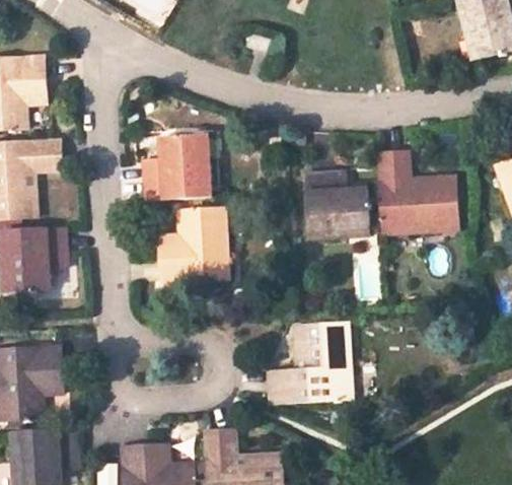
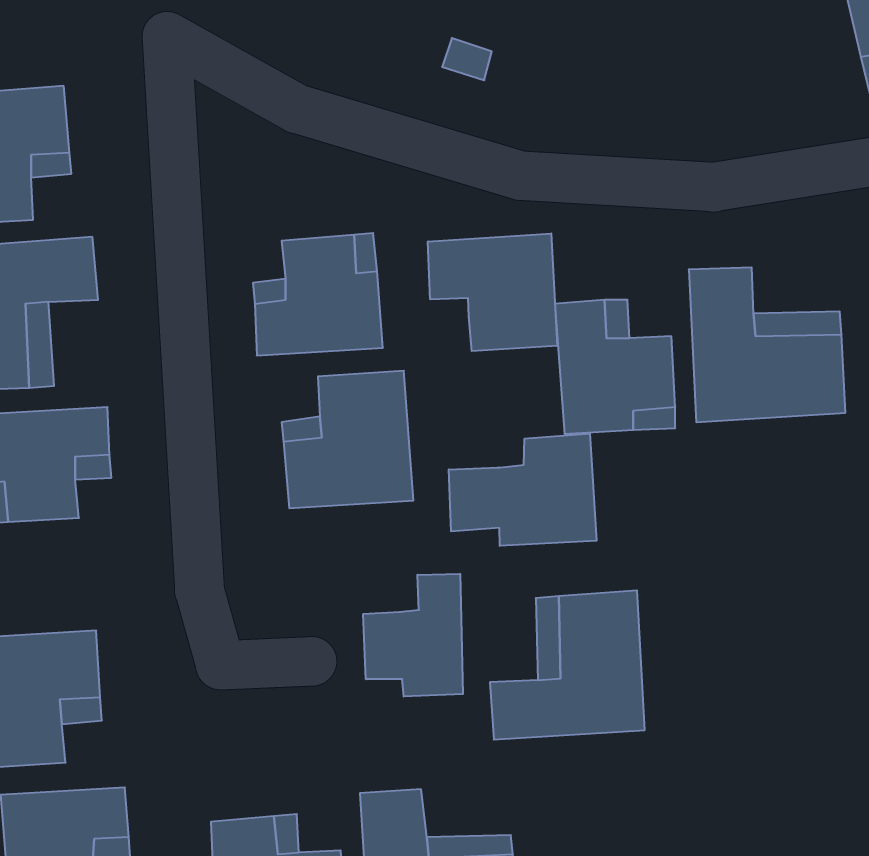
building: none -> [428,233,557,351]
building: none -> [449,433,597,546]
building: none -> [363,574,463,697]

